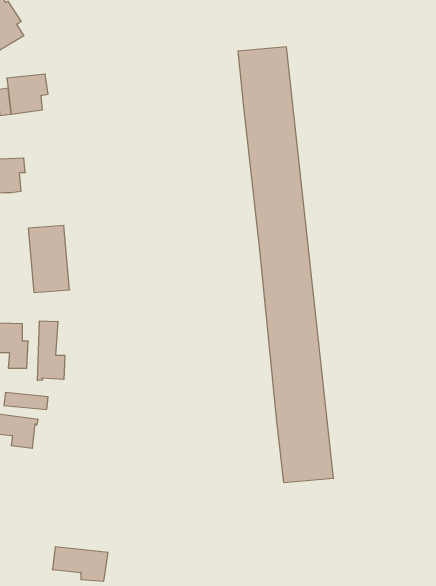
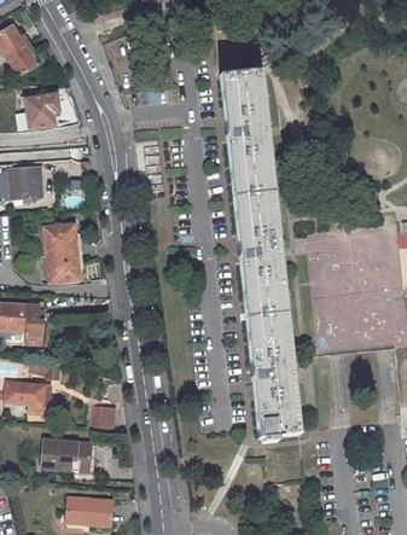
building: [37,321,65,381] -> none
building: none -> [92,405,117,431]
building: none -> [42,437,92,471]

